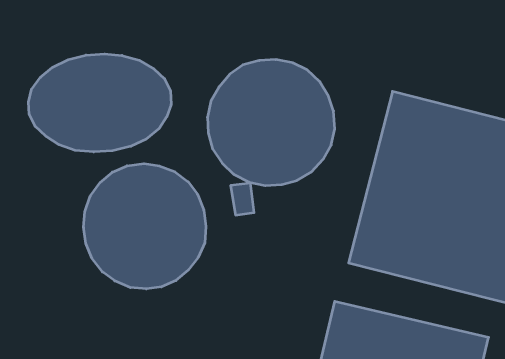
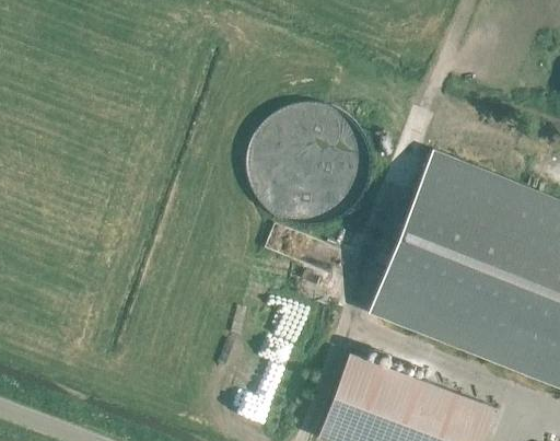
building: [28,54,171,152] -> none
building: [84,164,206,289] -> none

